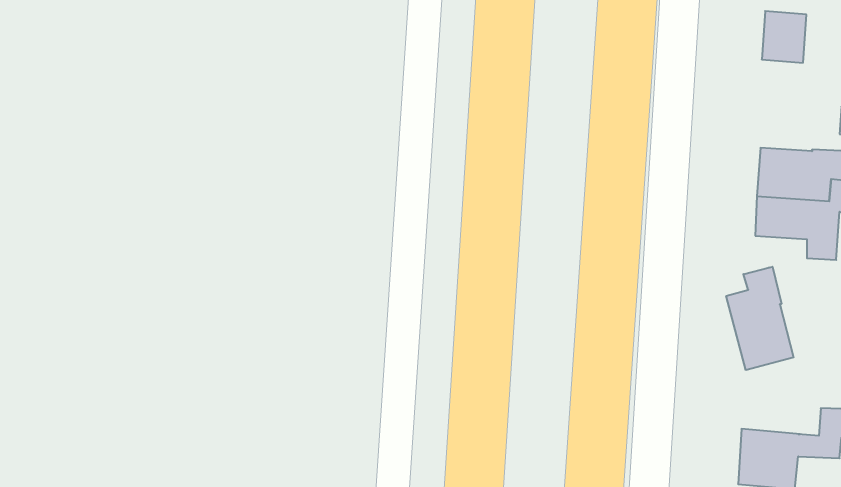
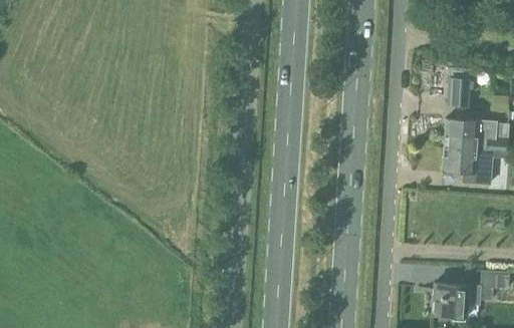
building: [762,11,806,63] -> [448,78,474,108]
building: [726,267,794,370] -> none

